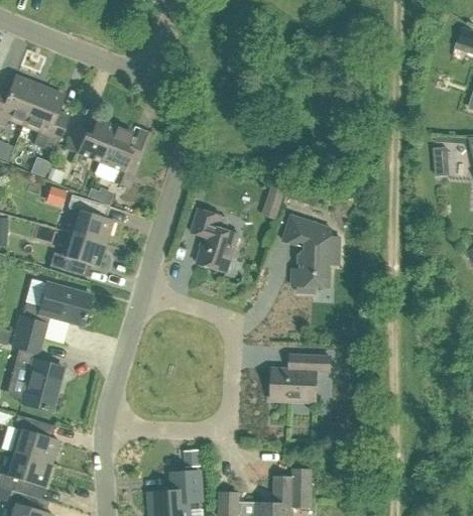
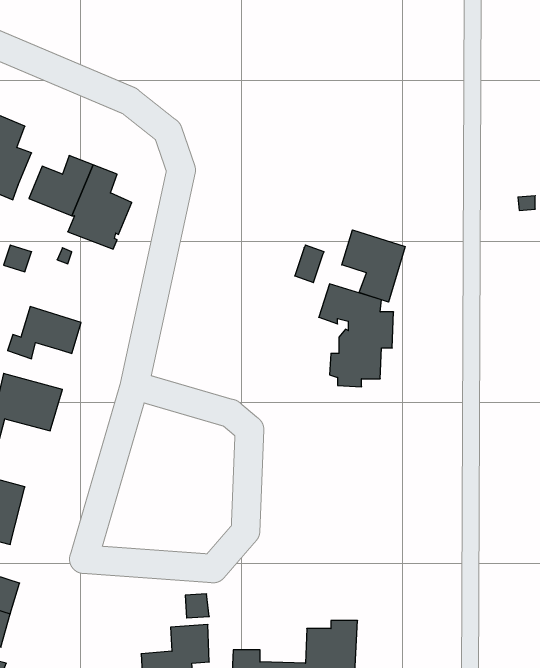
building: none -> [342,230,405,302]
building: [67,195,113,244] -> none
building: [192,209,240,271] -> none
building: [272,355,331,401] -> none

